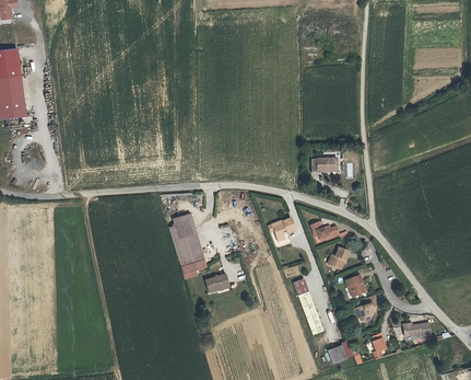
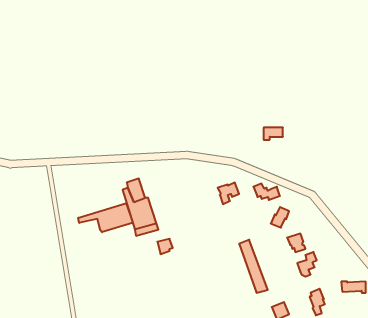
building: none -> [78,203,133,232]

